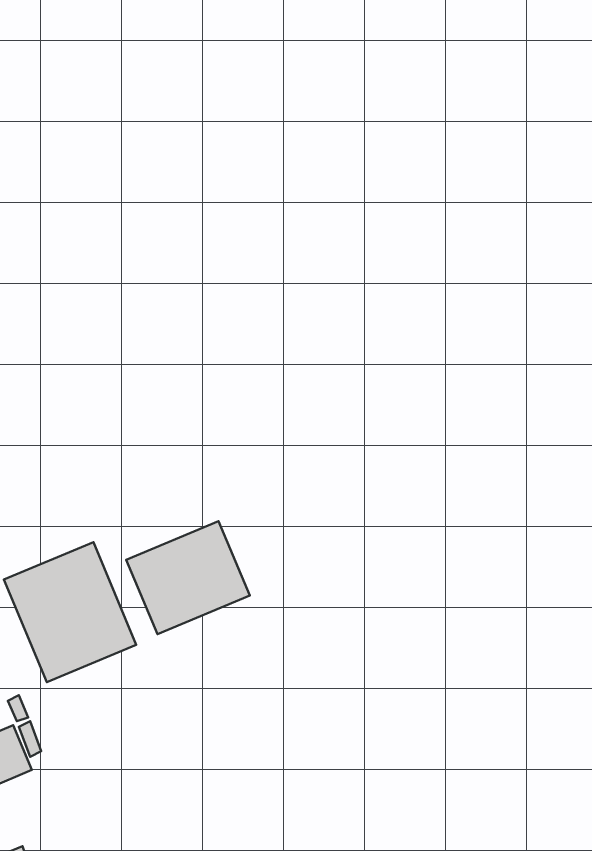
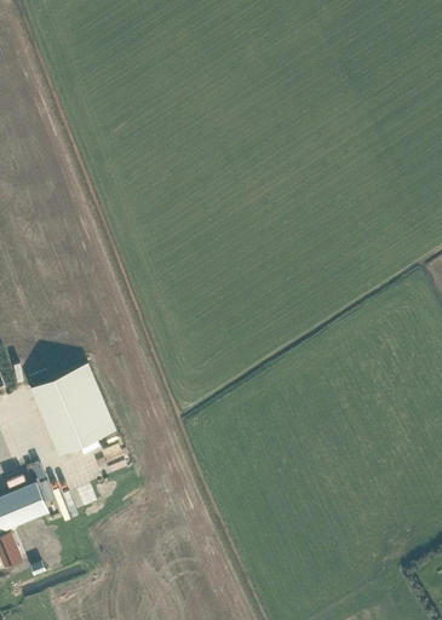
building: [126,521,250,634] -> none

